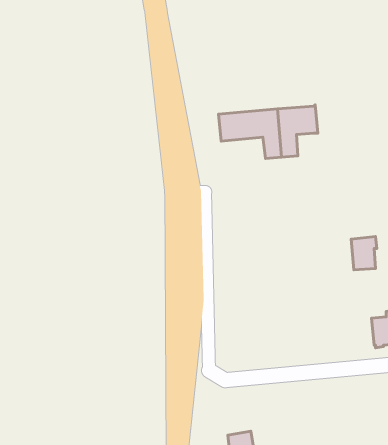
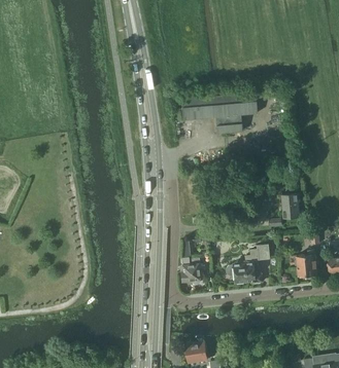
building: none -> [226,245,269,284]
building: none -> [179,258,202,284]

